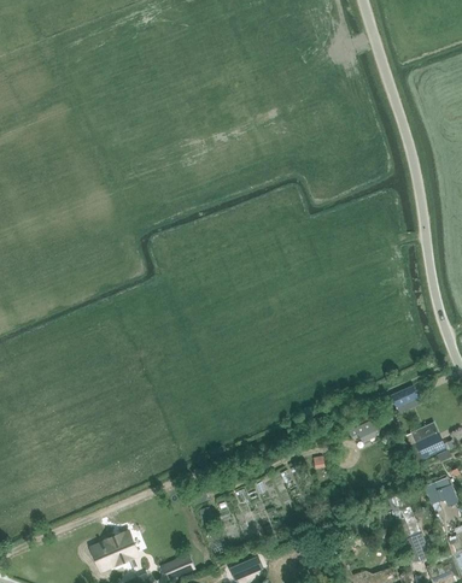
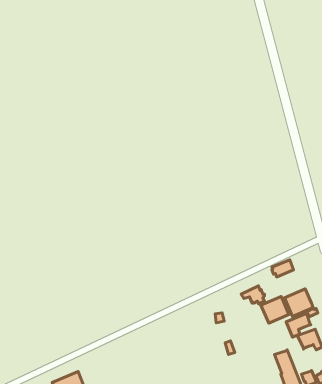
building: none -> [261,297,289,323]
building: none -> [286,314,311,337]

